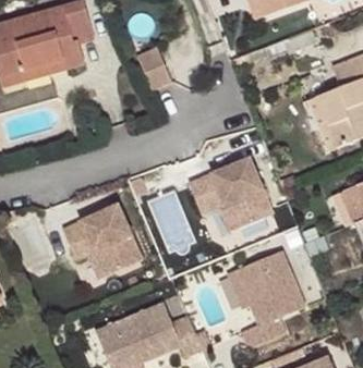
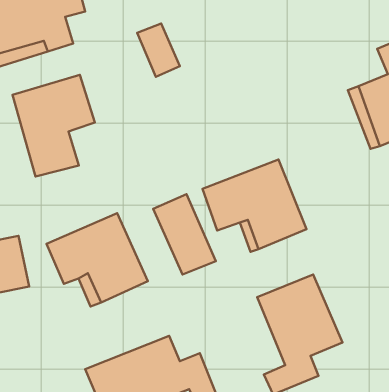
building: none -> [13,75,95,176]

